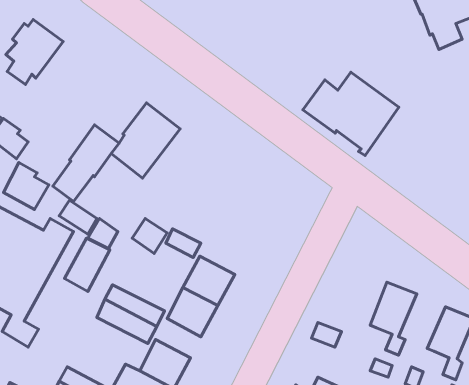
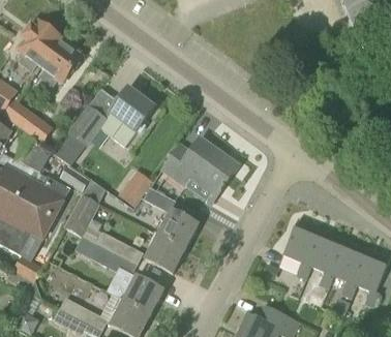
building: none -> [37,38,83,88]
building: [303,72,399,155] -> [161,137,238,204]
building: none -> [282,220,320,278]
building: none -> [329,239,366,297]

